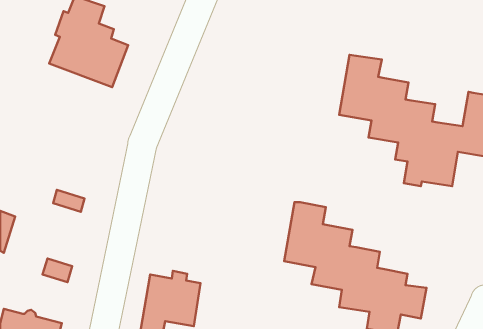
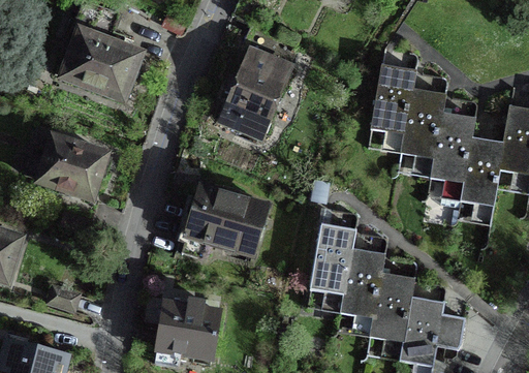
building: none -> [220,50,291,137]
building: none -> [24,136,106,198]
building: none -> [179,186,268,259]

